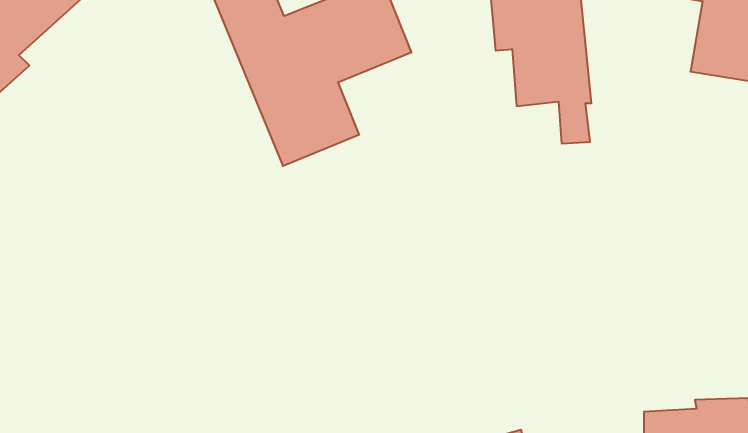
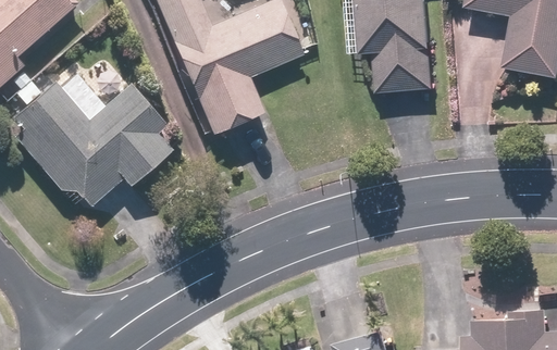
building: none -> [17,75,174,208]

